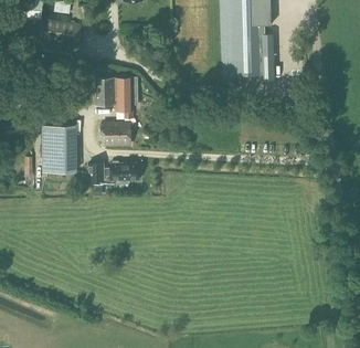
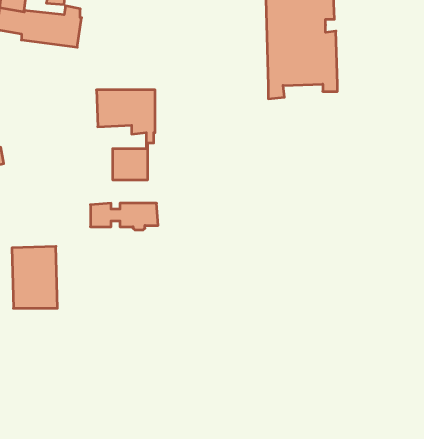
building: [42,125,76,171] -> [12,246,57,308]

